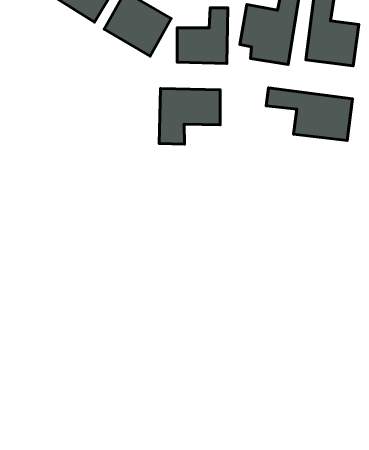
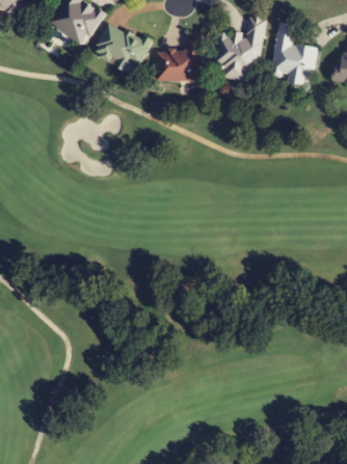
building: [266,88,353,141] -> none
building: [159,88,220,144] -> none

